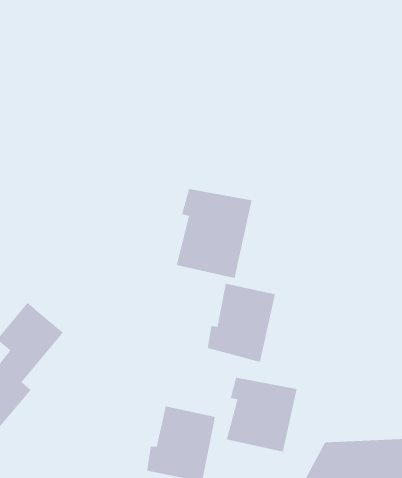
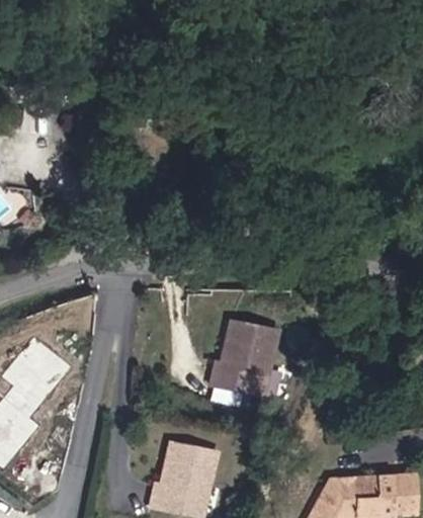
building: [176,188,253,279] -> none
building: [226,377,298,452] -> none

